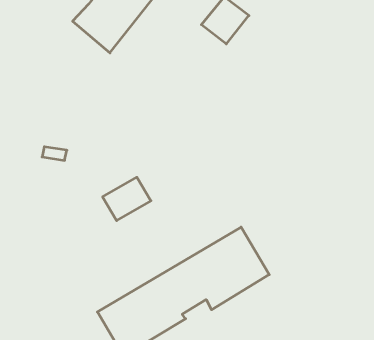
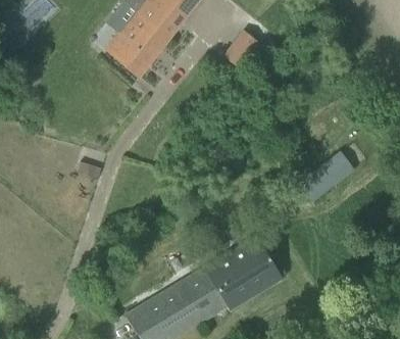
building: none -> [299,154,351,201]
building: [103,177,151,221] -> none

